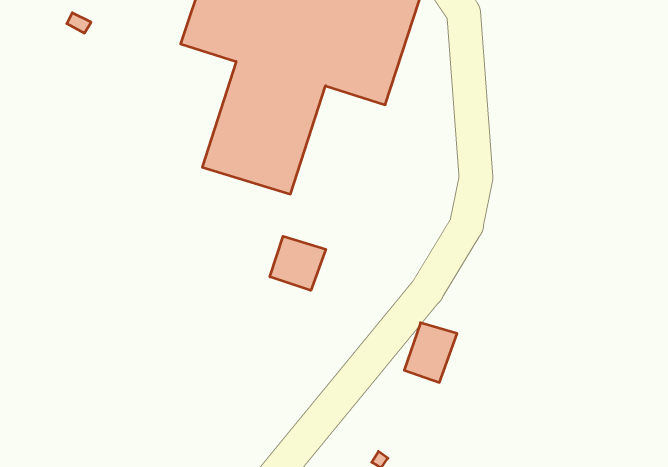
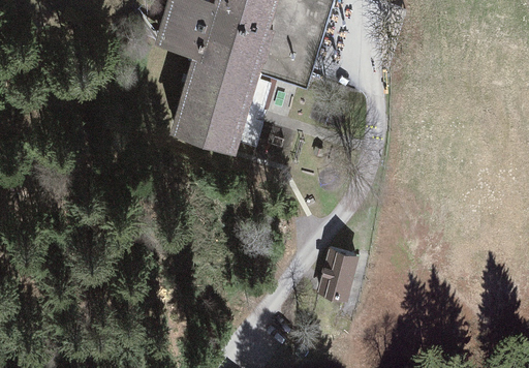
building: [270,236,326,290] -> none

